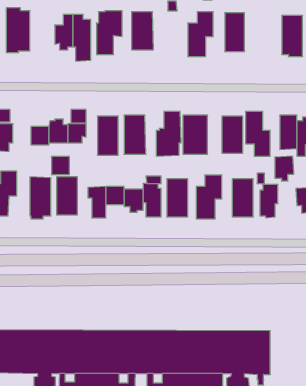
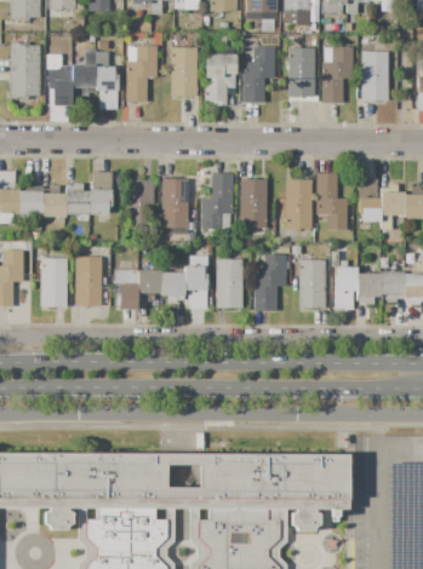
building: none -> [321,46,353,103]
building: none -> [46,53,72,105]
building: none -> [204,53,236,109]
building: [275,156,294,181] -> [356,272,381,304]
building: [51,156,69,175] -> [18,190,41,213]

